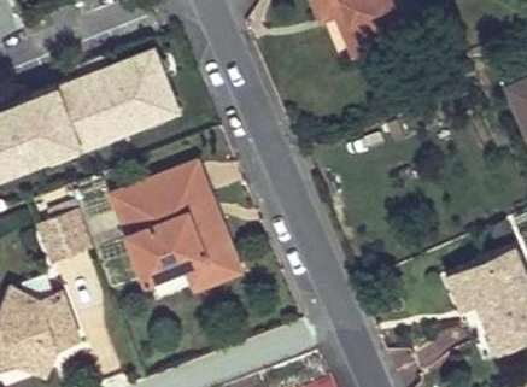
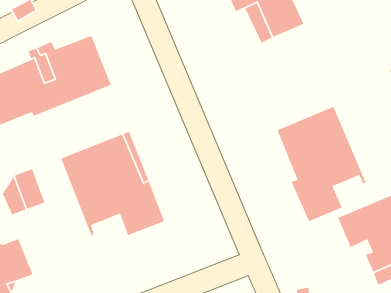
building: none -> [277,106,367,222]

